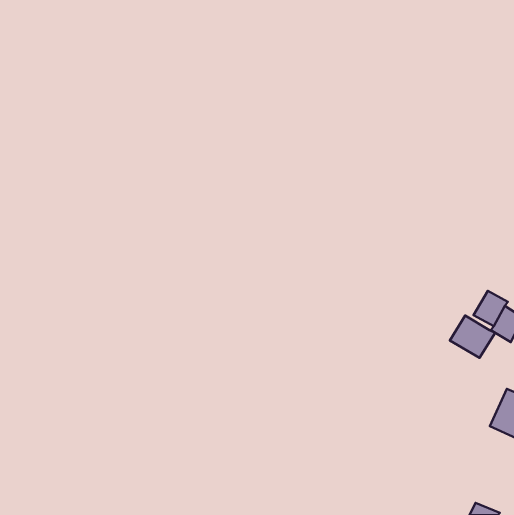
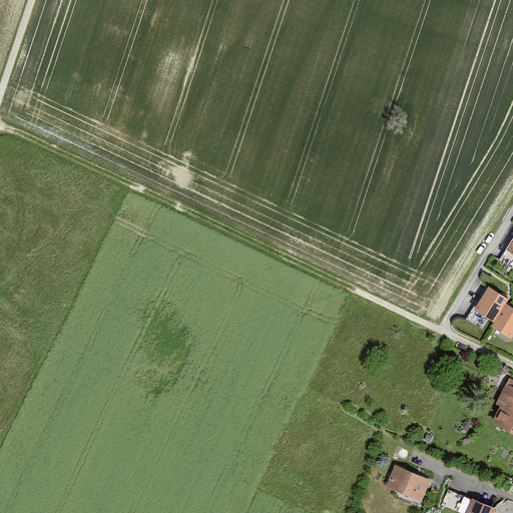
building: [450,315,495,358] -> none
building: none -> [387,464,432,501]

